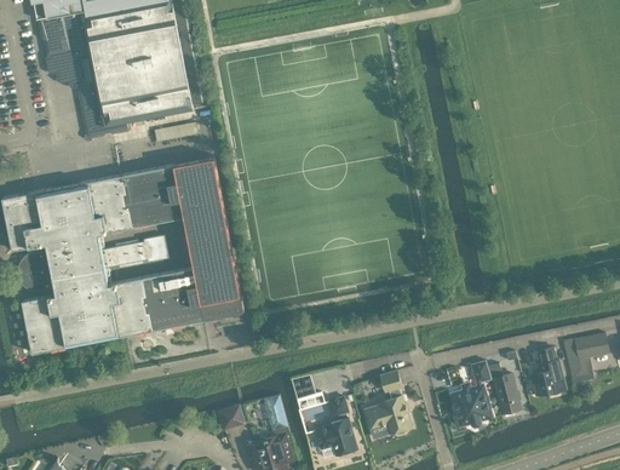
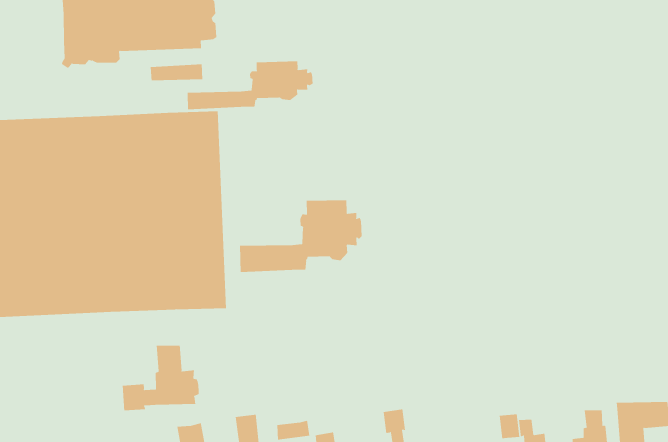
building: none -> [187,60,313,110]
building: none -> [240,199,362,273]
building: none -> [122,345,199,411]

